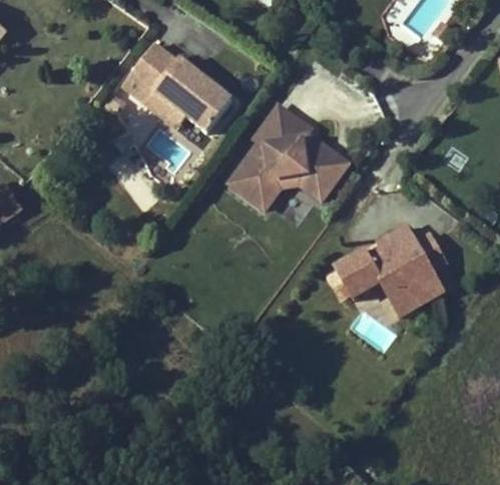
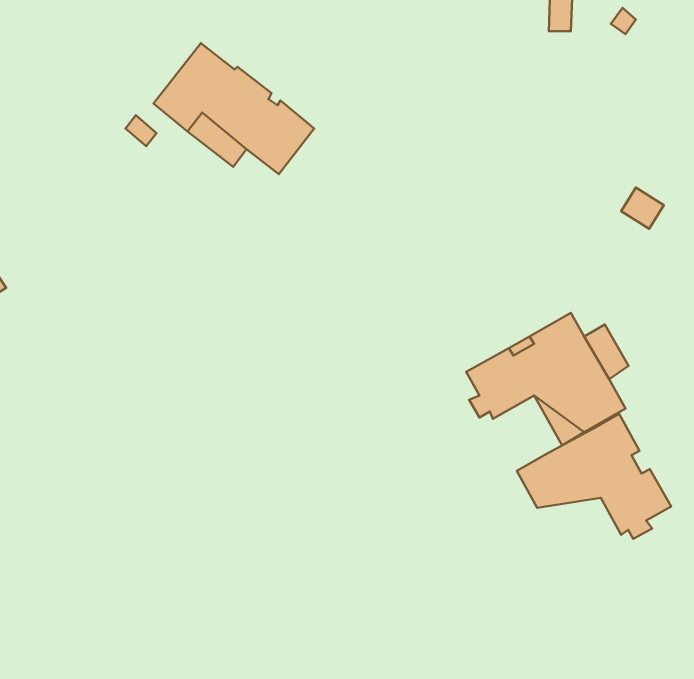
building: [229,106,348,208] -> none
building: none -> [517,414,671,539]

